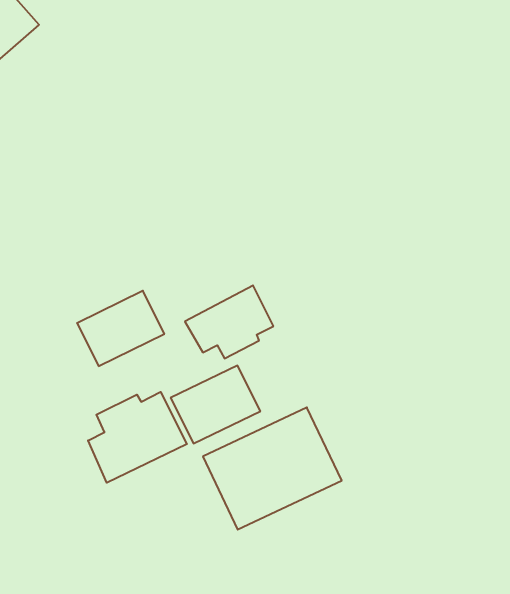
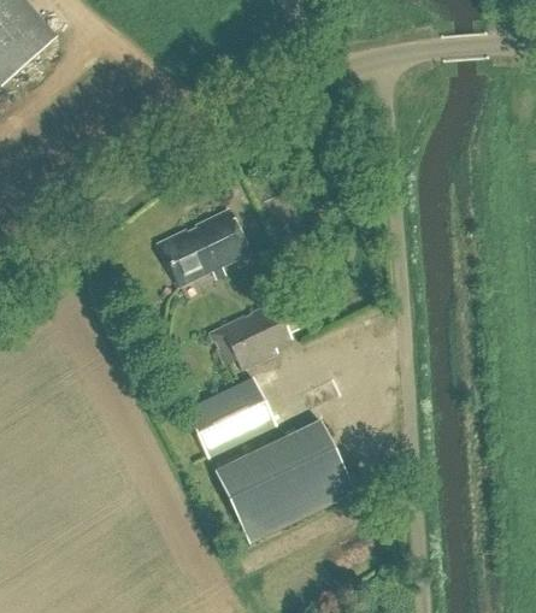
building: [77,291,164,366] -> [159,208,247,284]
building: [88,392,187,483] -> none

